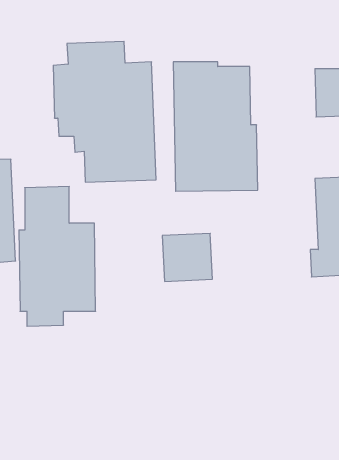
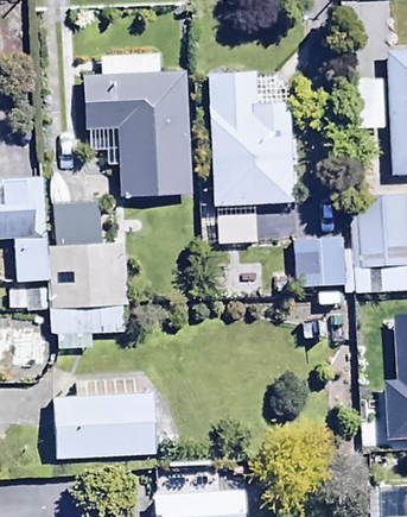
building: [162,233,212,281] -> [292,237,344,286]
building: none -> [52,378,153,460]

